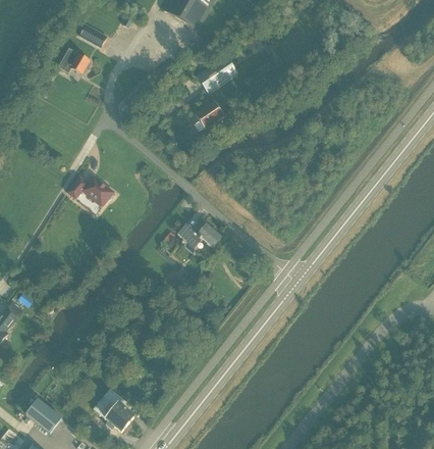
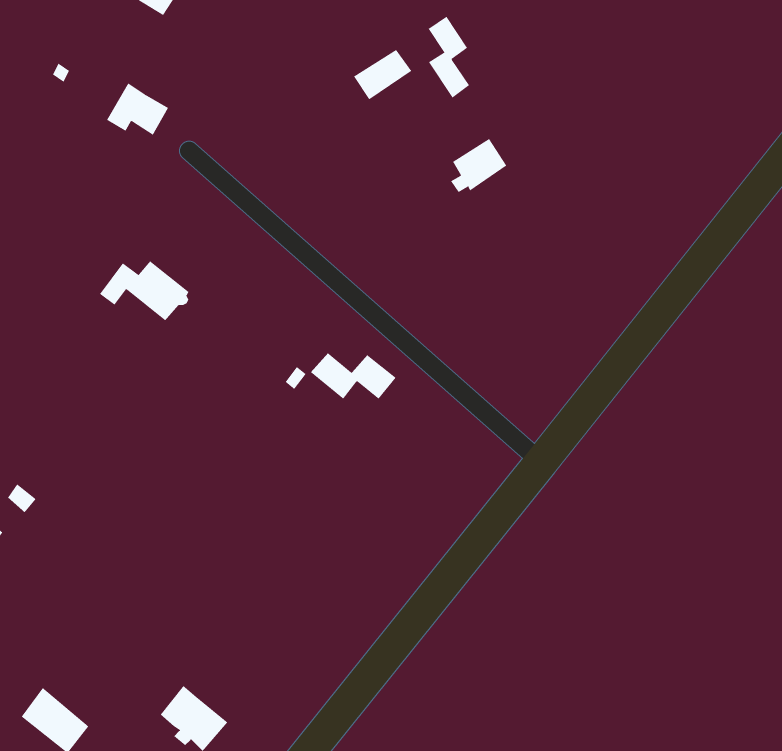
building: [57,46,90,73] -> [106,83,169,135]
building: none -> [428,16,470,99]
building: [194,101,223,130] -> [450,138,507,193]

